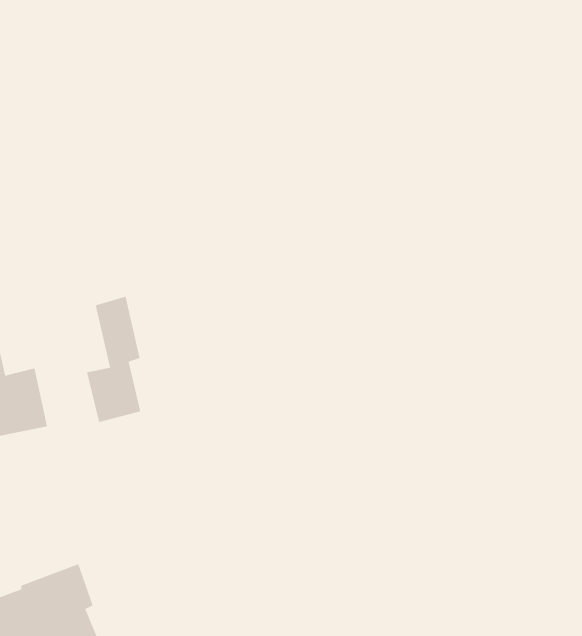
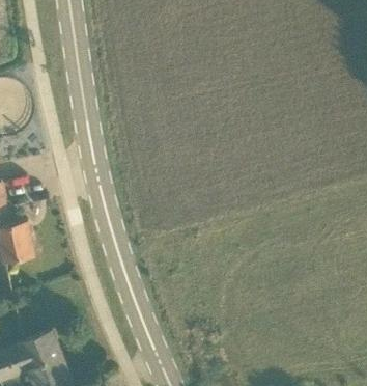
building: [87,296,141,423] -> none

